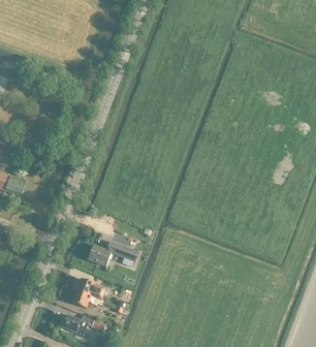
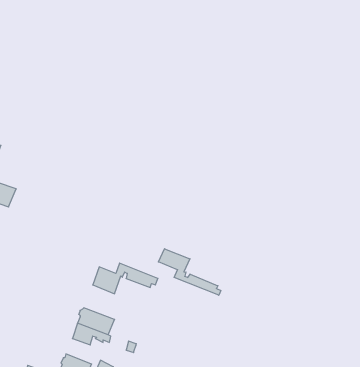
building: none -> [158,249,221,295]

